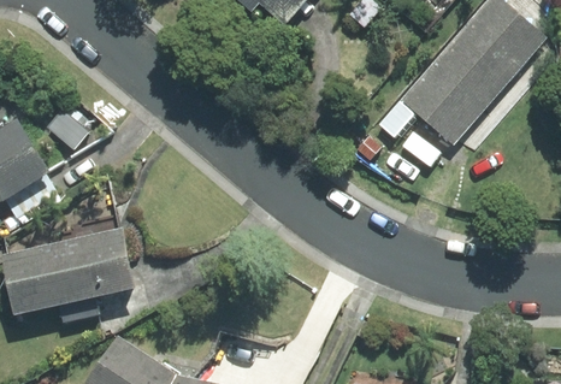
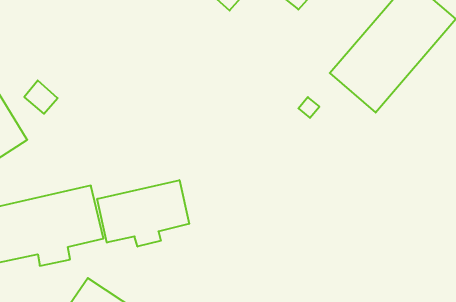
building: none -> [97,180,189,247]

